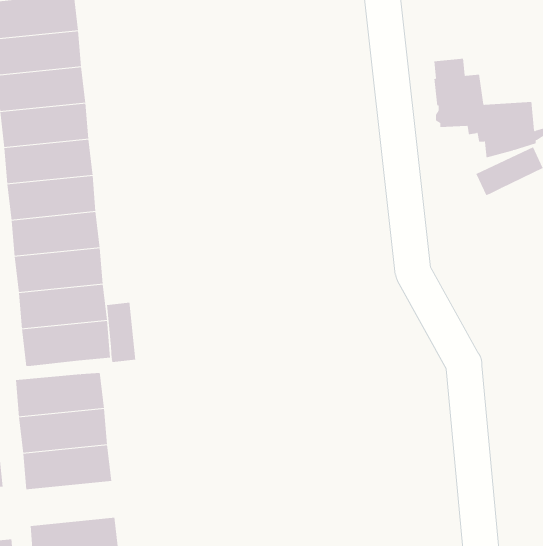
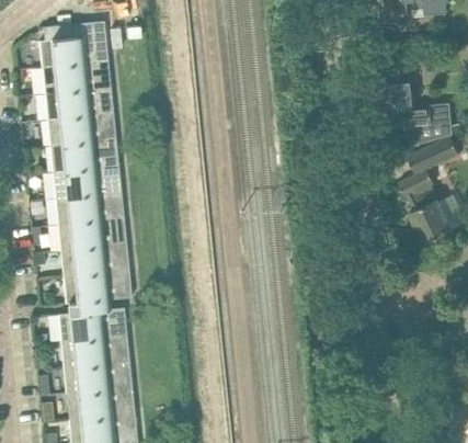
building: none -> [399,169,452,243]
building: [106,302,136,363] -> none
building: none -> [67,390,135,424]

